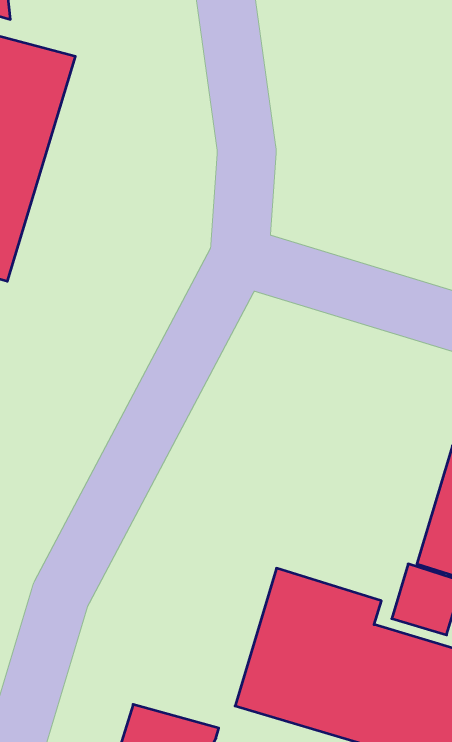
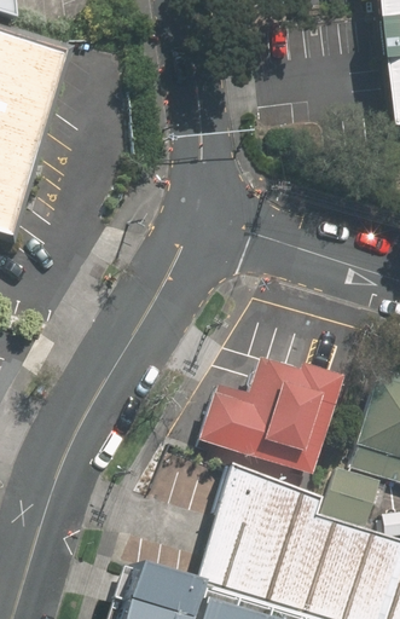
building: none -> [195,355,340,478]

